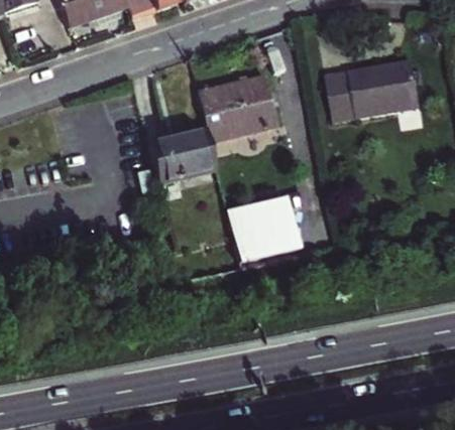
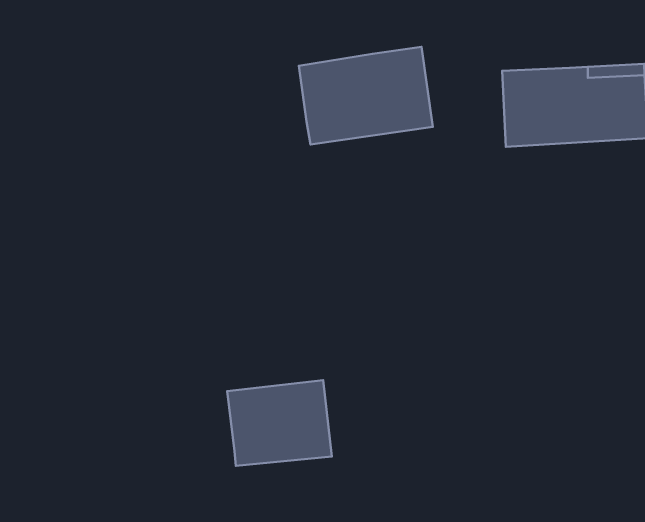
building: [149,121,215,176] -> none
building: [227,194,298,255] -> [227,380,332,466]

